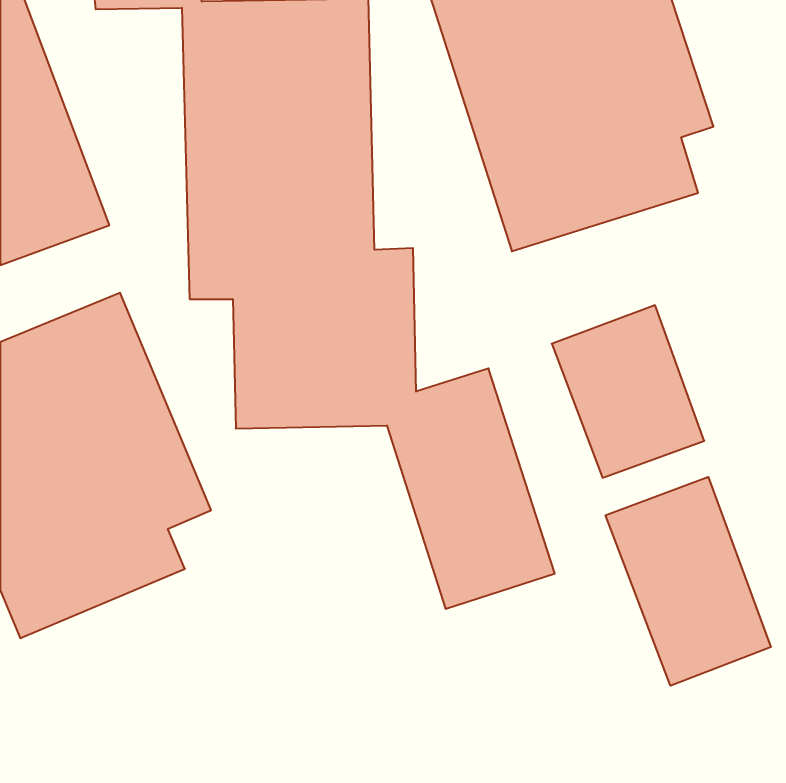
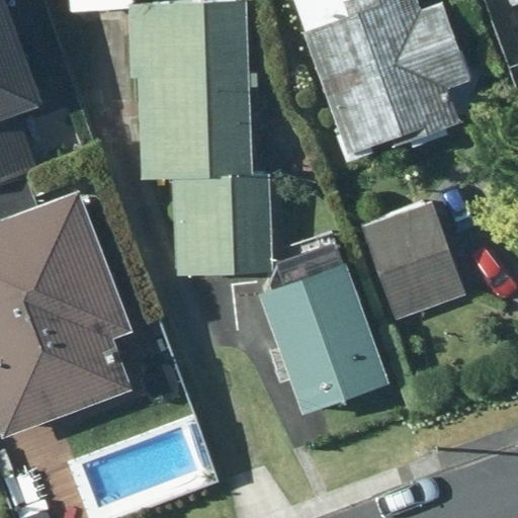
building: [606,477,771,686] -> none

